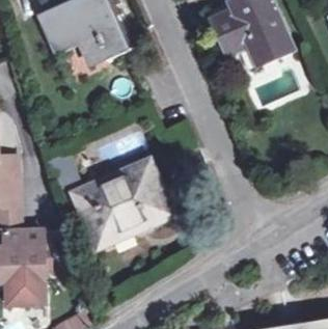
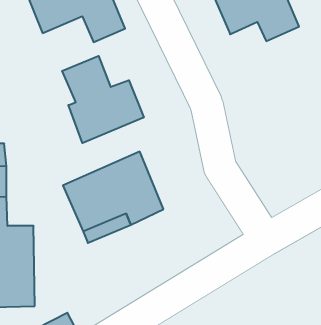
building: none -> [62,56,144,143]

